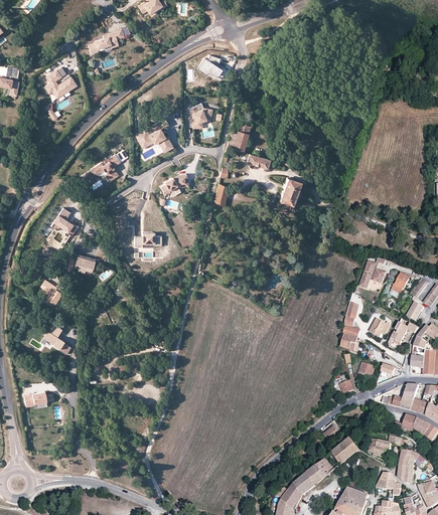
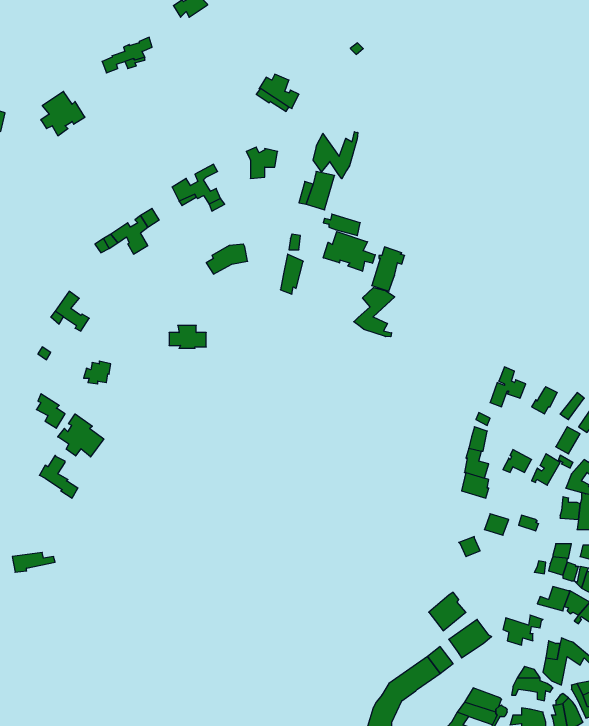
building: none -> [313,132,358,179]
building: none -> [323,232,375,271]
building: none -> [354,288,395,337]
building: none -> [58,414,104,457]

